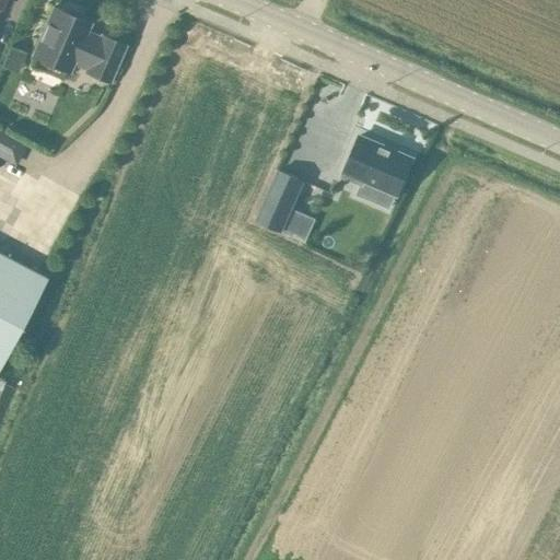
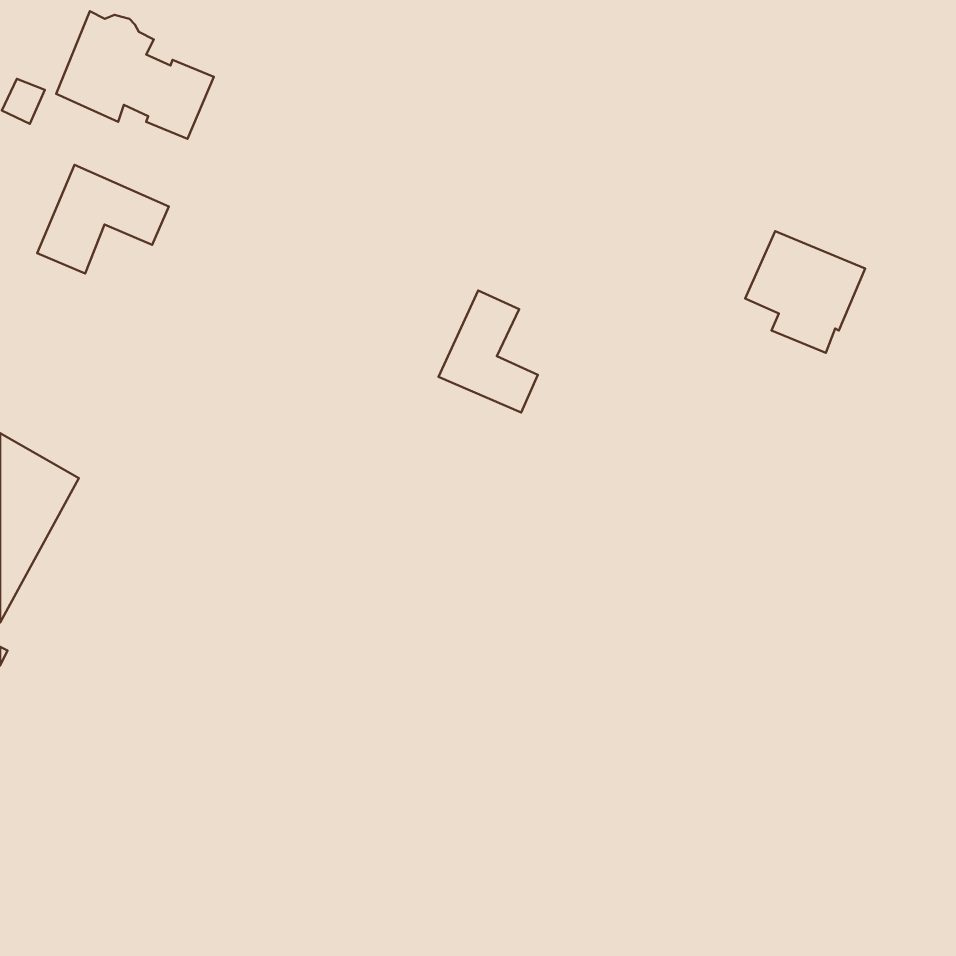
building: none -> [37,165,169,273]
building: [342,137,412,208] -> [745,231,865,353]

